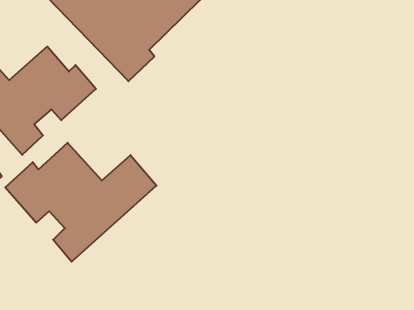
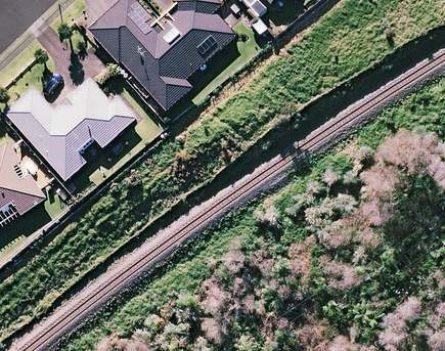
building: [5,143,157,262] -> none

